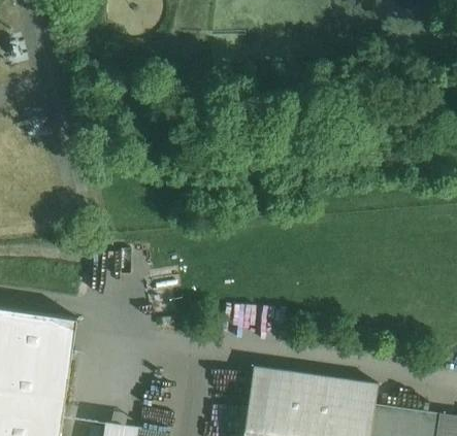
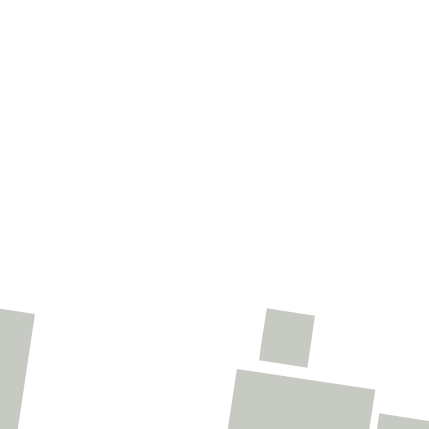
building: none -> [258,308,316,368]

